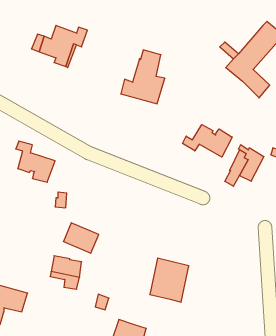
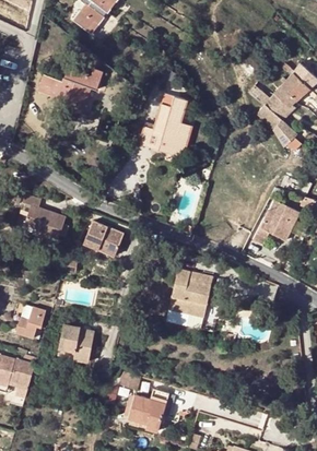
building: [183,125,232,157] -> none
building: [63,223,99,253] -> [83,222,122,256]
building: none -> [16,308,45,339]
building: [150,258,189,302] -> [167,270,211,319]

